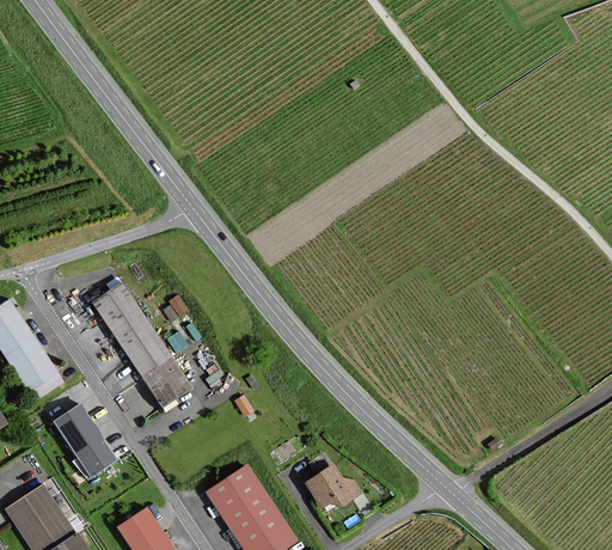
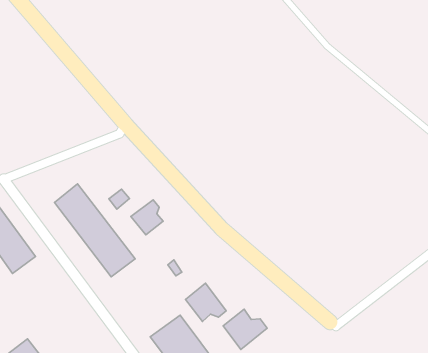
building: none -> [131,200,163,235]
building: [56,404,116,475] -> none
building: none -> [186,283,226,321]

